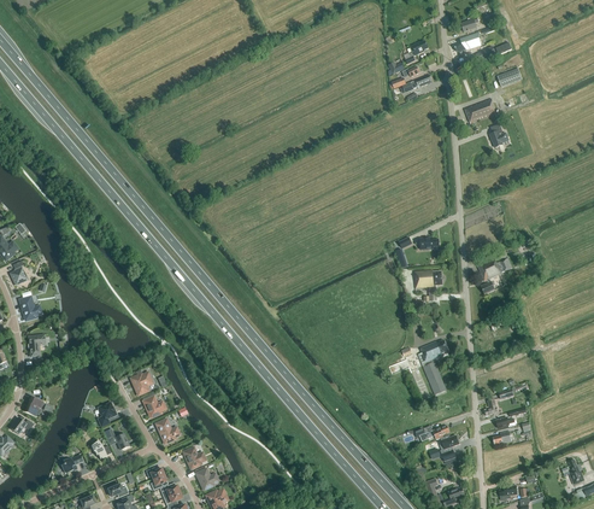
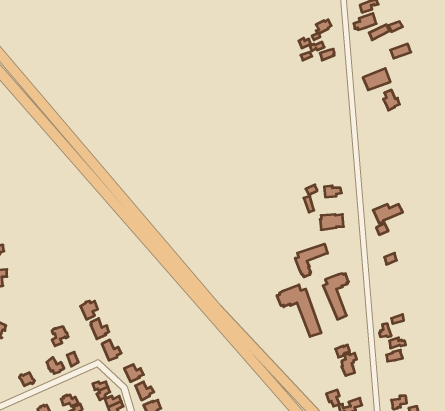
building: none -> [295,244,328,277]
building: none -> [277,285,321,337]

